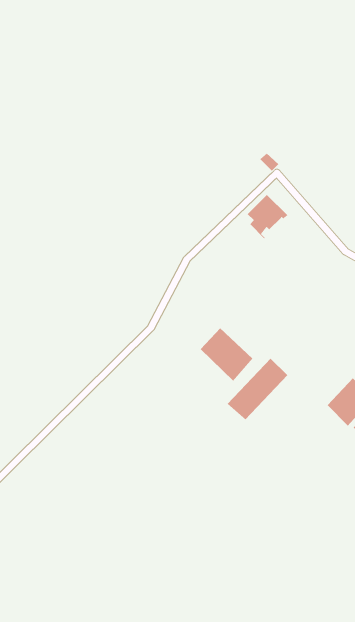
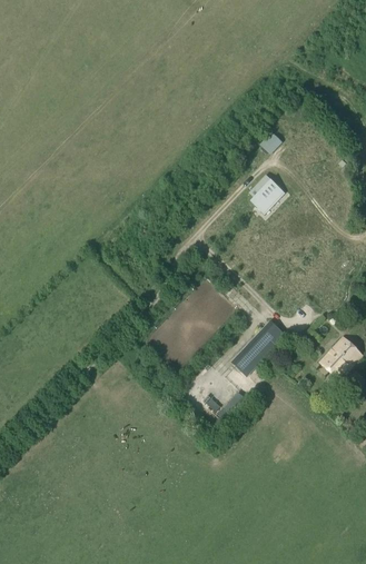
building: [200,327,253,381] -> none

